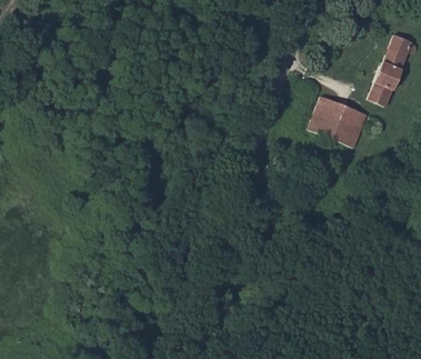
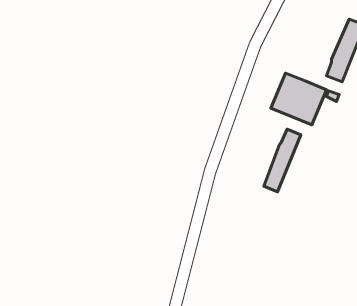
building: none -> [264,129,301,192]

